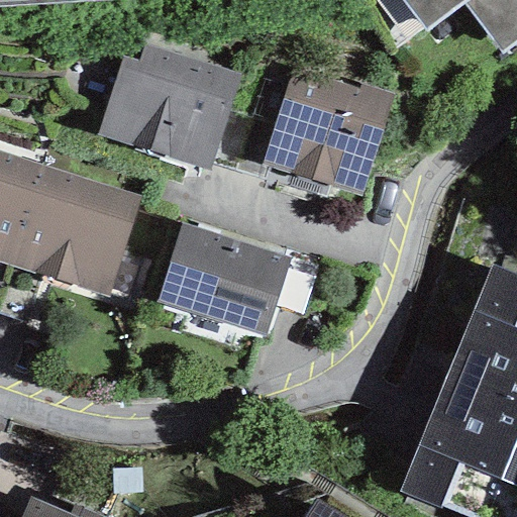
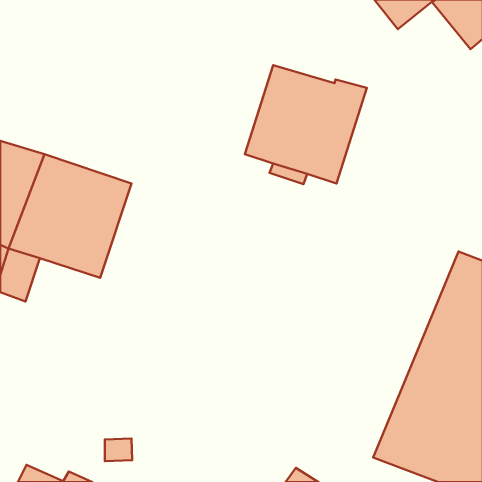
building: [96,45,240,170] -> none
building: [158,224,290,336] -> none

